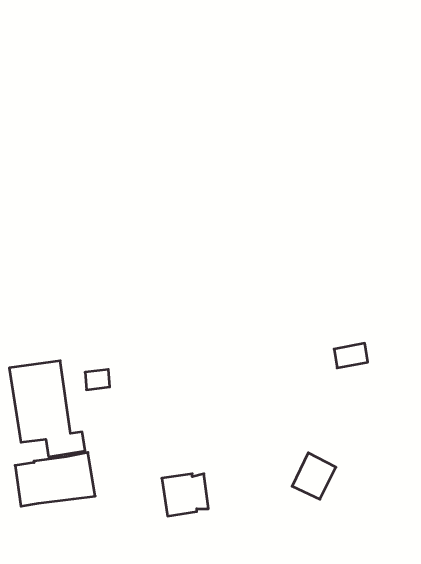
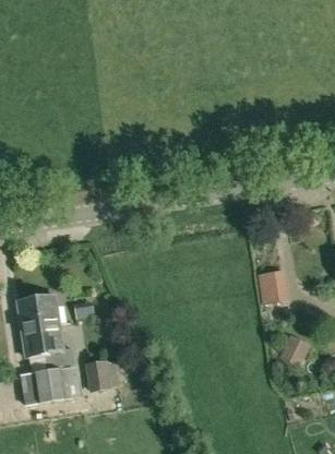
building: [292,453,336,499] -> [277,333,310,368]
building: [162,474,208,516] -> [84,360,119,392]

